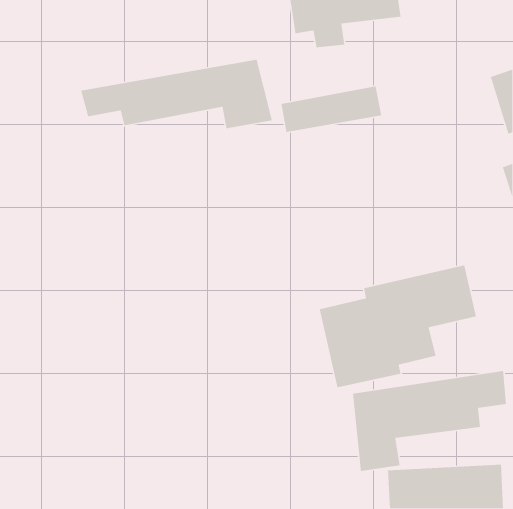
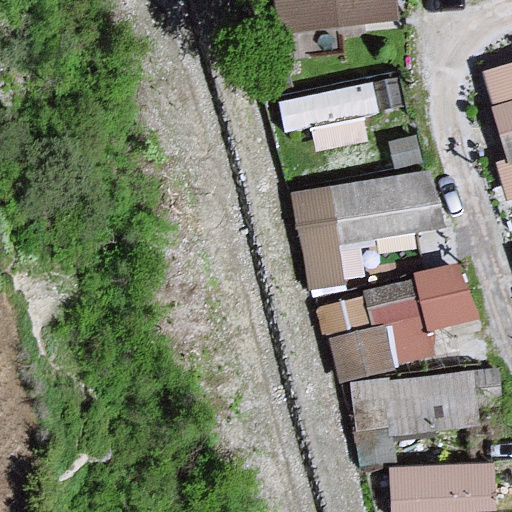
building: [80,59,273,129] -> none
building: none -> [295,169,444,289]

